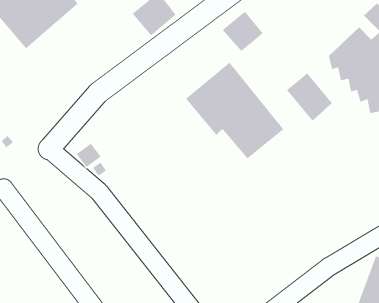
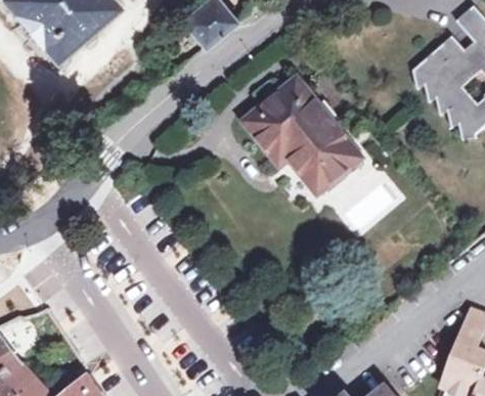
building: [222,11,263,52] -> none
building: [286,73,333,121] -> none

